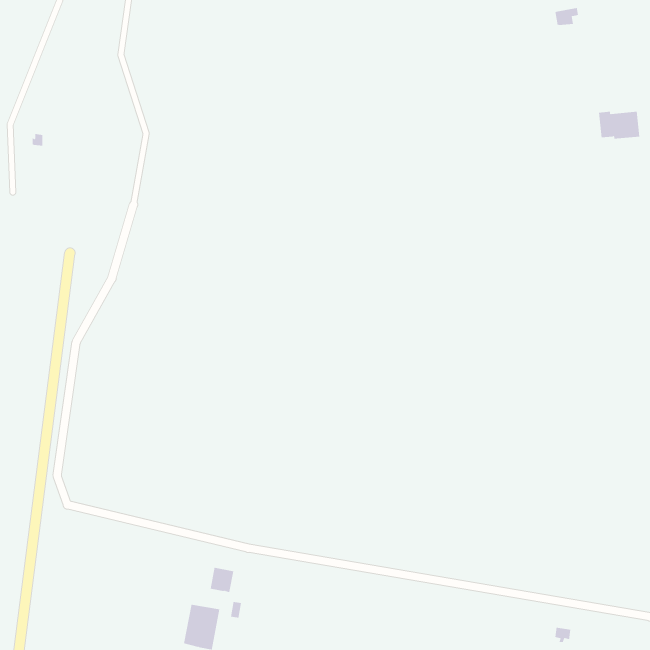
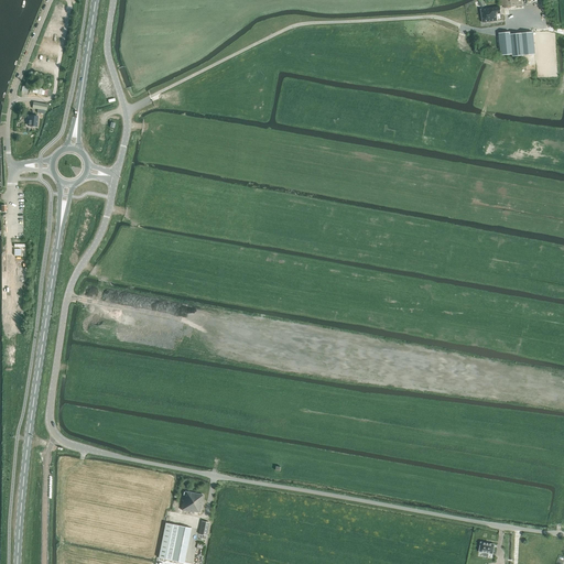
building: [598,111,640,139] -> [499,32,535,56]

